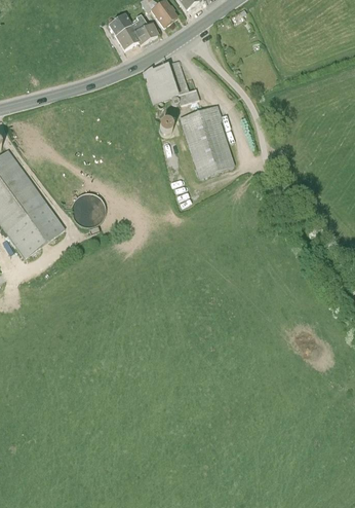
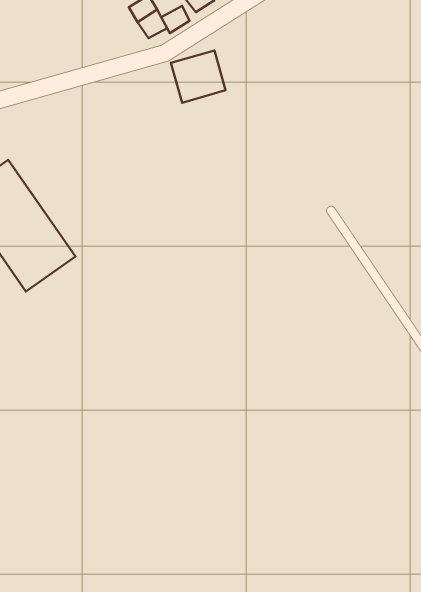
building: [180,104,236,177] -> none
building: [71,191,106,225] -> none

